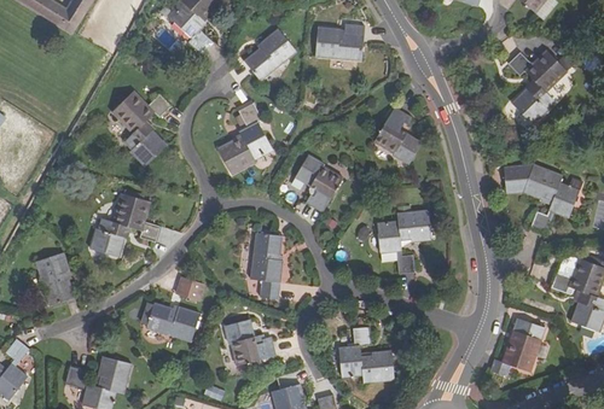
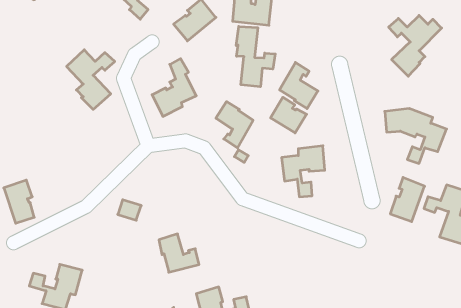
building: none -> [236,26,275,87]
building: none -> [271,97,307,133]
building: [89,192,159,256] -> none
building: [249,232,281,282] -> none
building: [146,302,199,341] -> none
building: [500,316,542,370] -> [390,177,425,222]
building: [338,327,393,382] -> none

